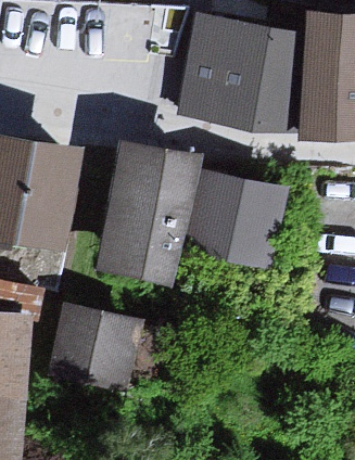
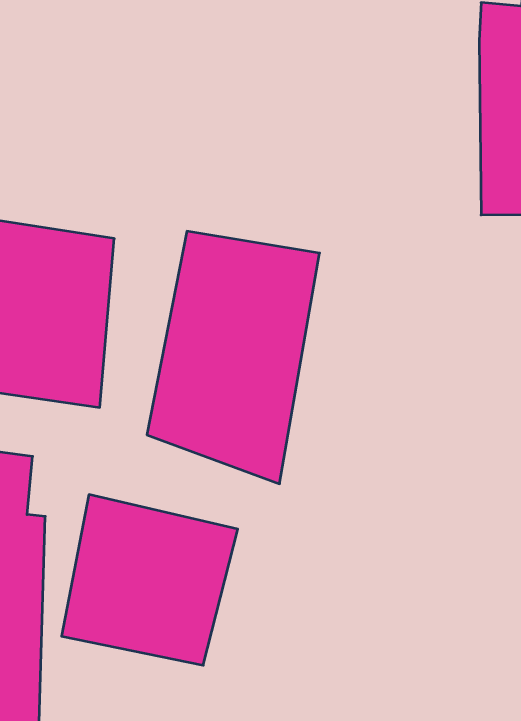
building: [180,14,292,130] -> none
building: [186,171,283,282] -> none

